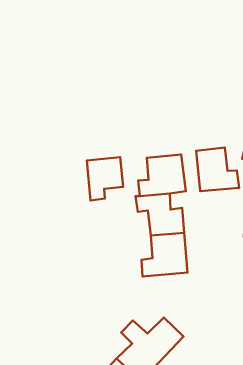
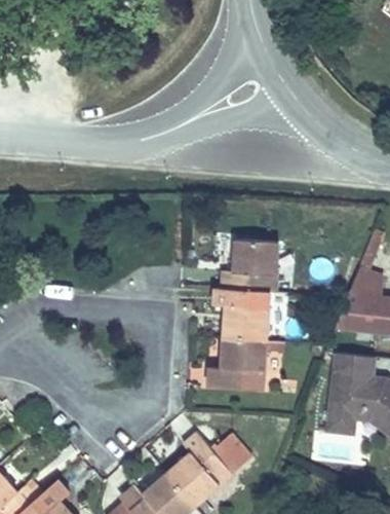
building: [196,147,239,191] -> none
building: [87,157,123,200] -> none

